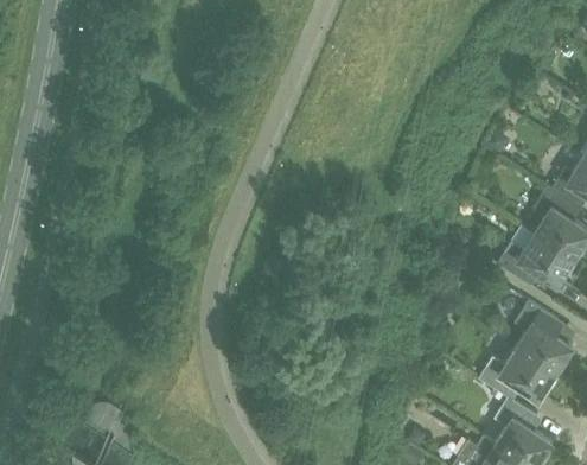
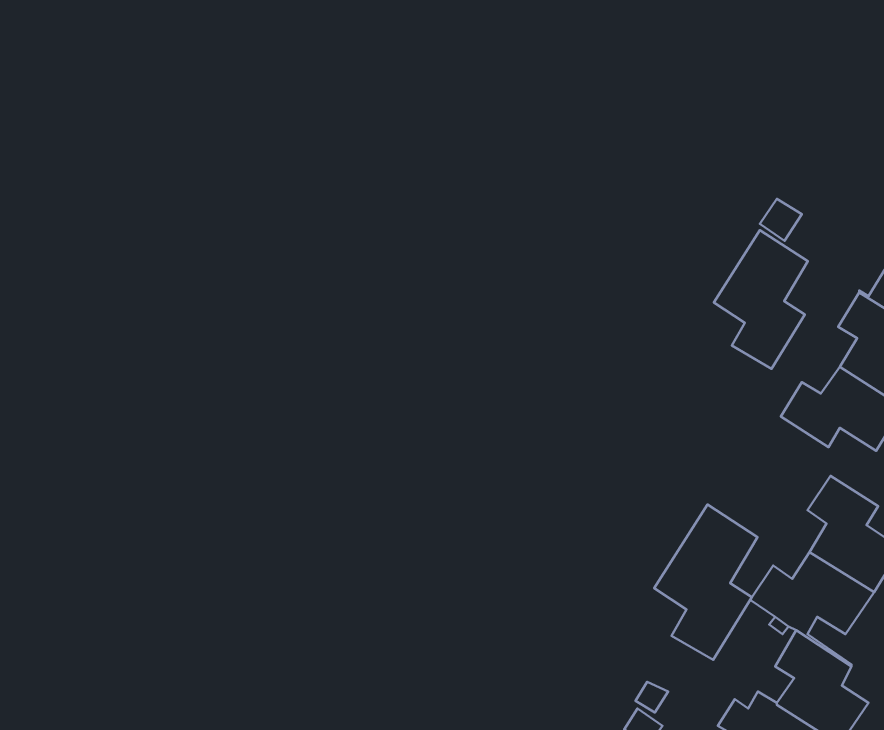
building: none -> [714,230,808,369]
building: none -> [654,505,757,660]

